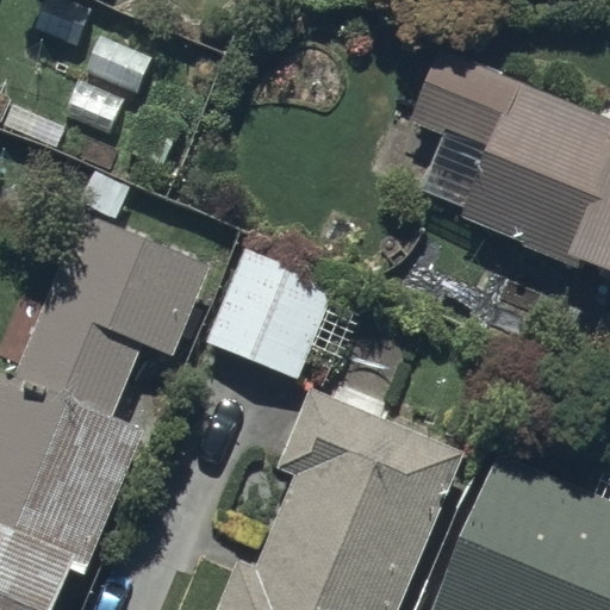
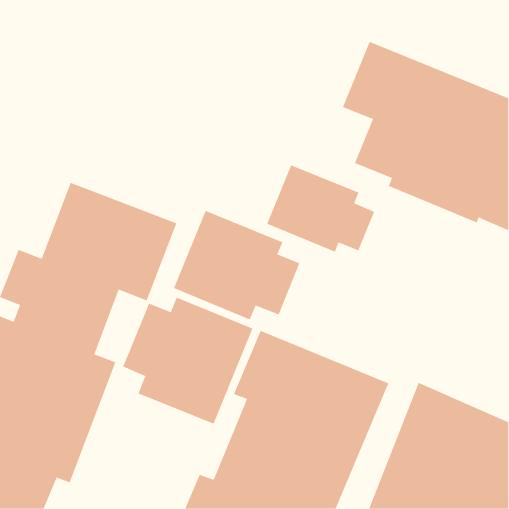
building: none -> [266,164,375,252]
building: none -> [122,297,253,424]

